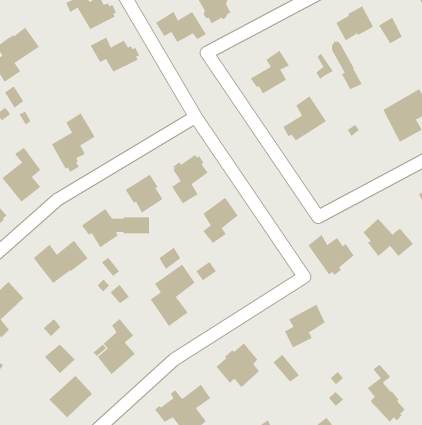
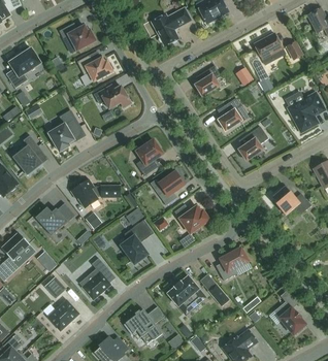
building: [155,11,207,43] -> [93,86,130,108]
building: none -> [236,125,268,160]
building: [125,174,163,213] -> none
building: [307,234,355,276] -> [174,203,208,233]

